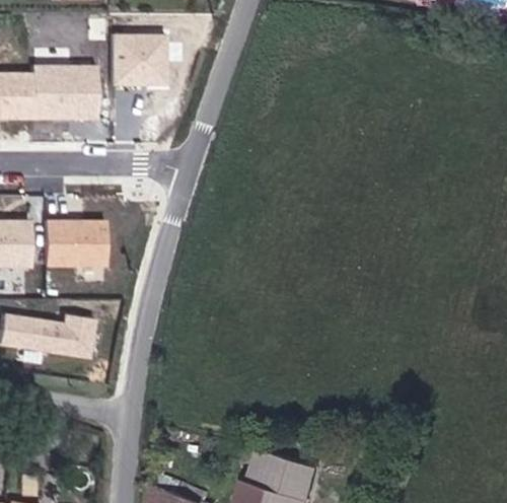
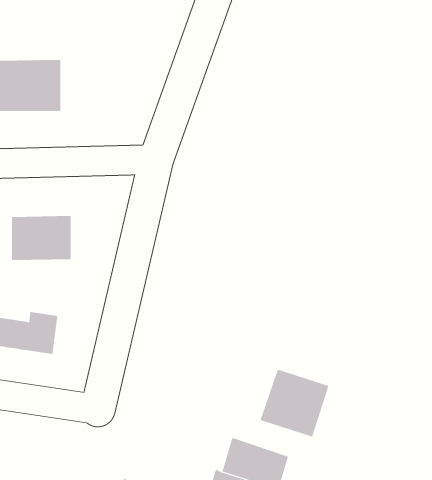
building: [112,32,167,83] -> none
building: none -> [260,369,329,438]

